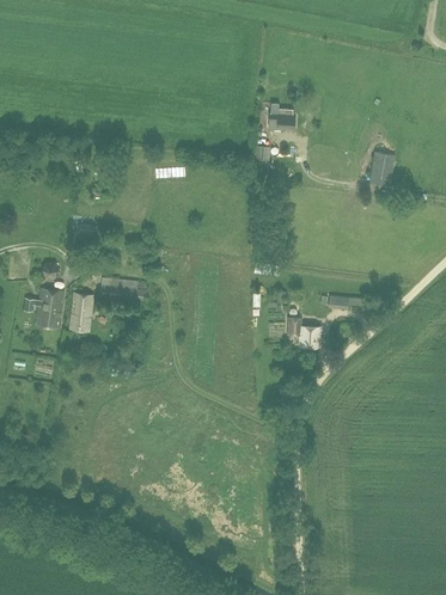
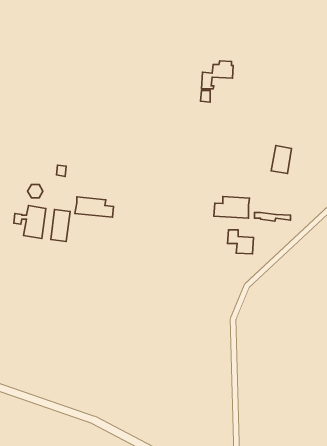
building: [368,152,393,186] -> [271,146,291,174]
building: none -> [214,196,250,218]

